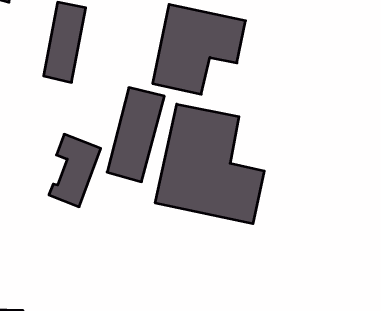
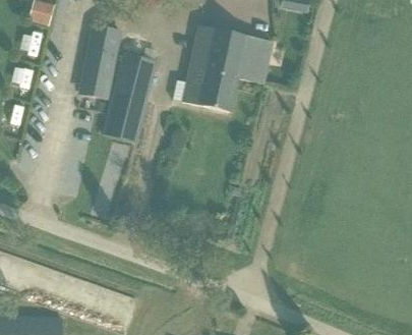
building: [107,88,164,182] -> [103,54,157,143]
building: [155,104,264,224] -> none

